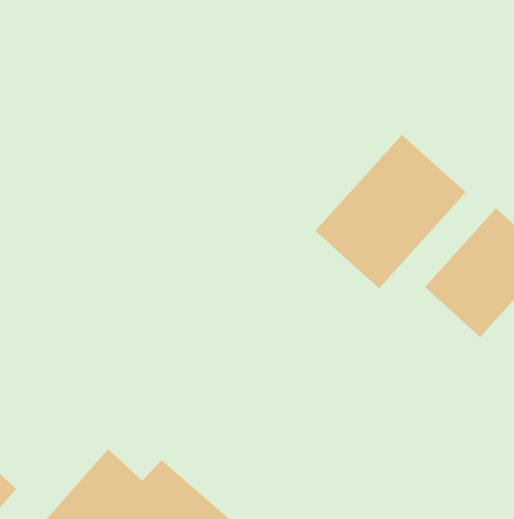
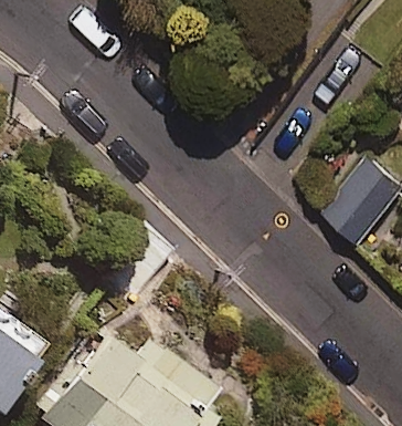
building: [315,134,467,289] -> none

